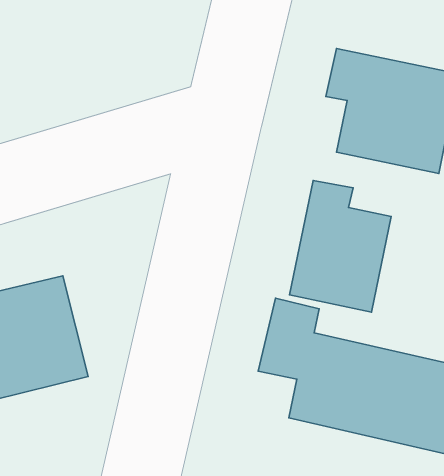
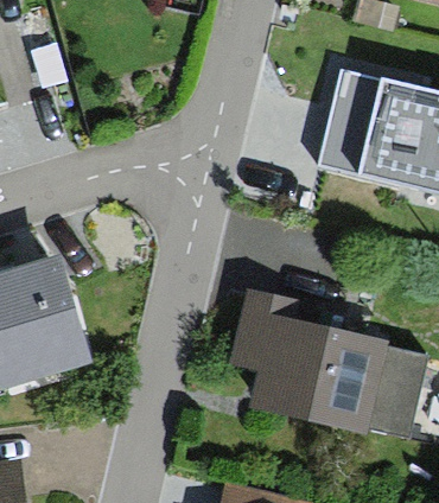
building: [290,180,391,312] -> none

